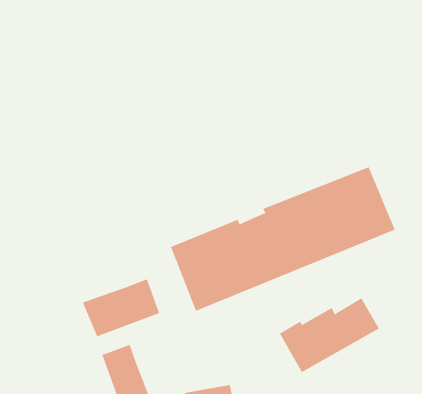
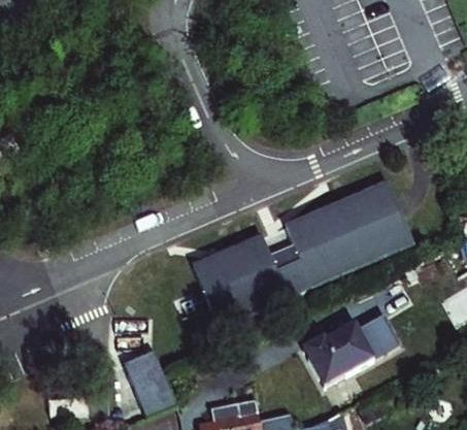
building: [82,279,160,337] -> none

